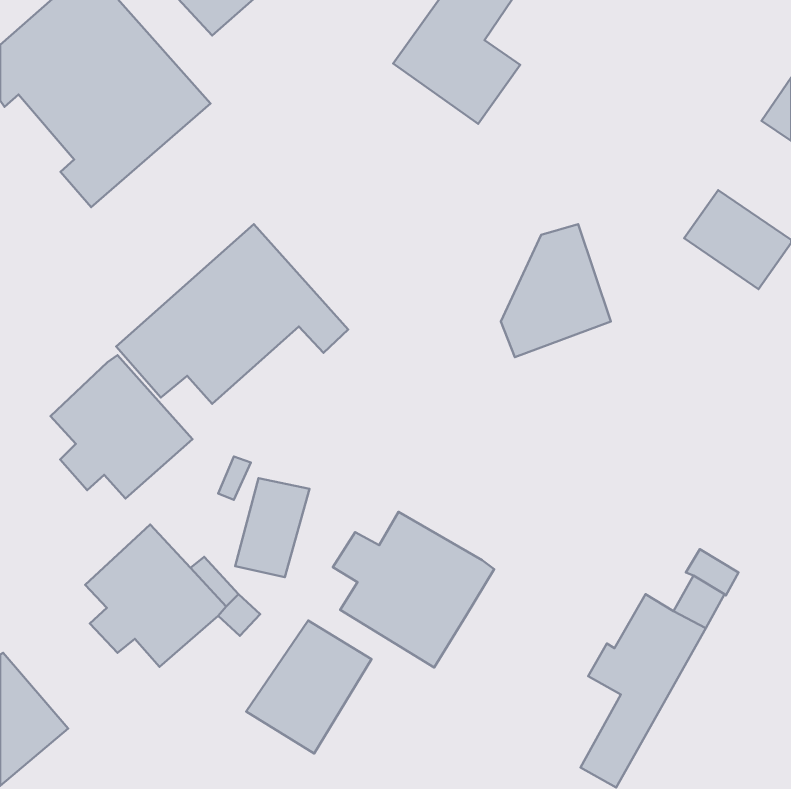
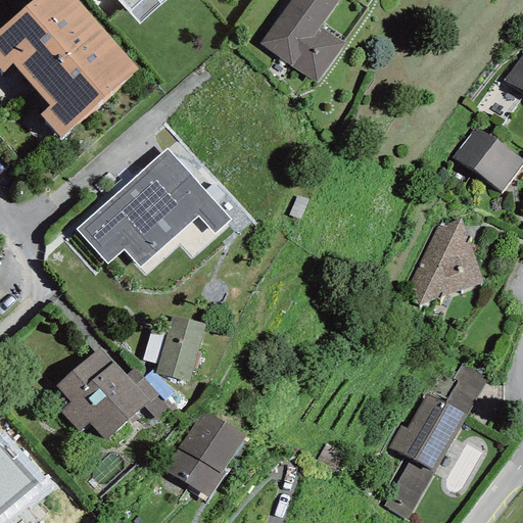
building: [501,224,611,357] -> [410,218,482,305]
building: [50,355,192,499] -> none
building: [333,512,494,667] -> none

